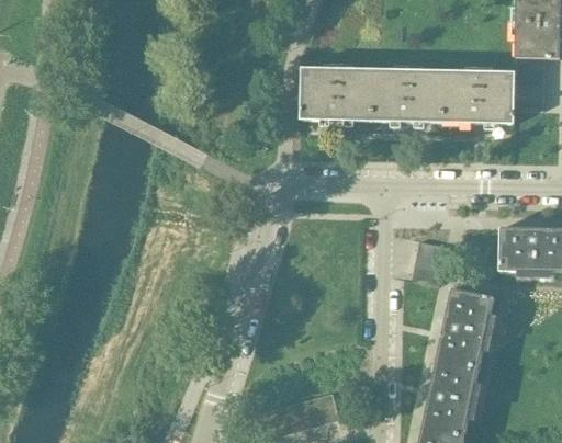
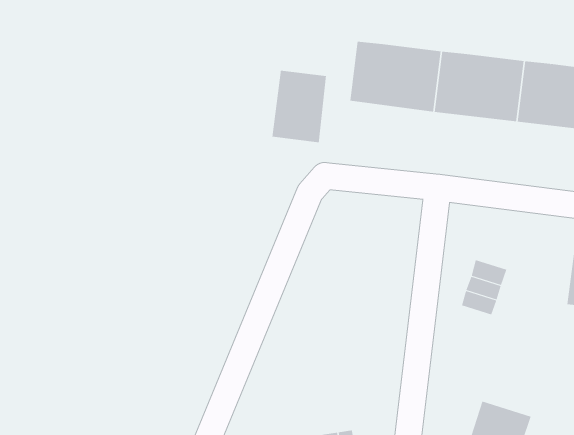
building: none -> [272,70,326,143]
building: [437,288,494,366] -> none

